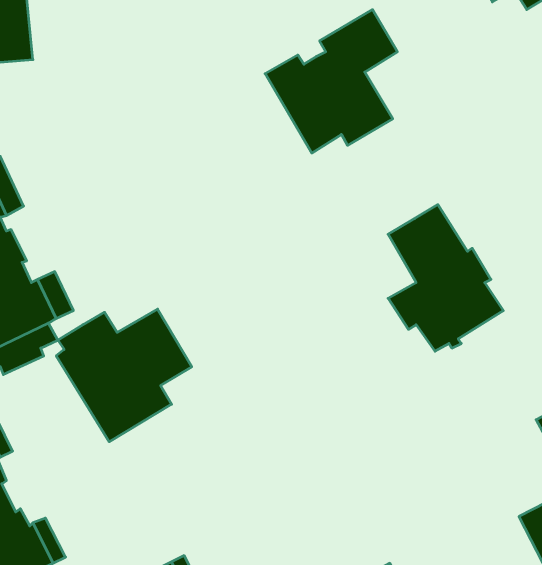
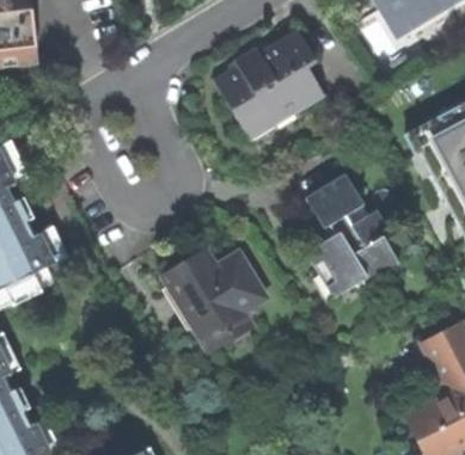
building: [56,309,192,442] -> [159,252,263,353]

